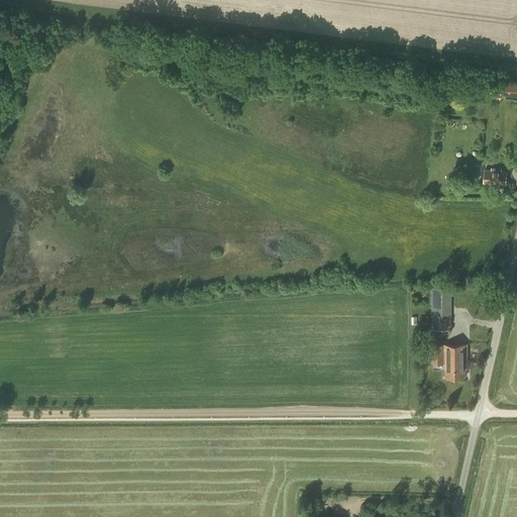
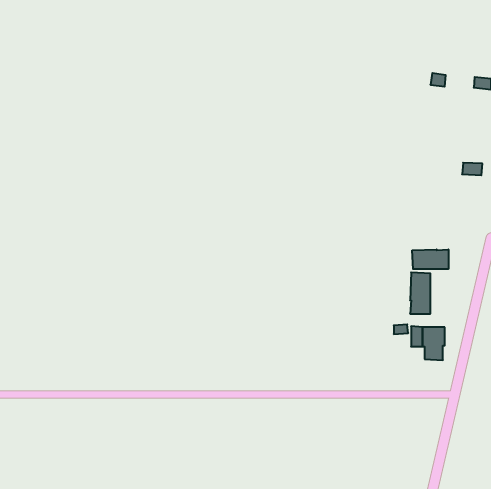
building: none -> [412,249,448,269]

